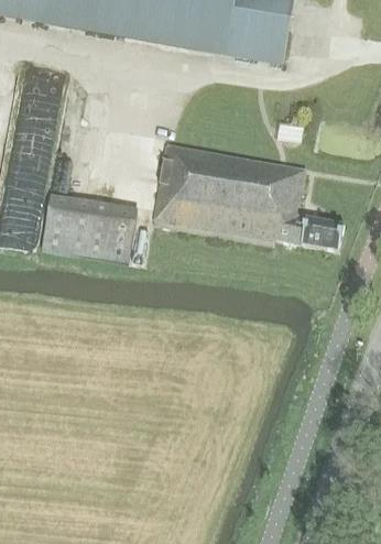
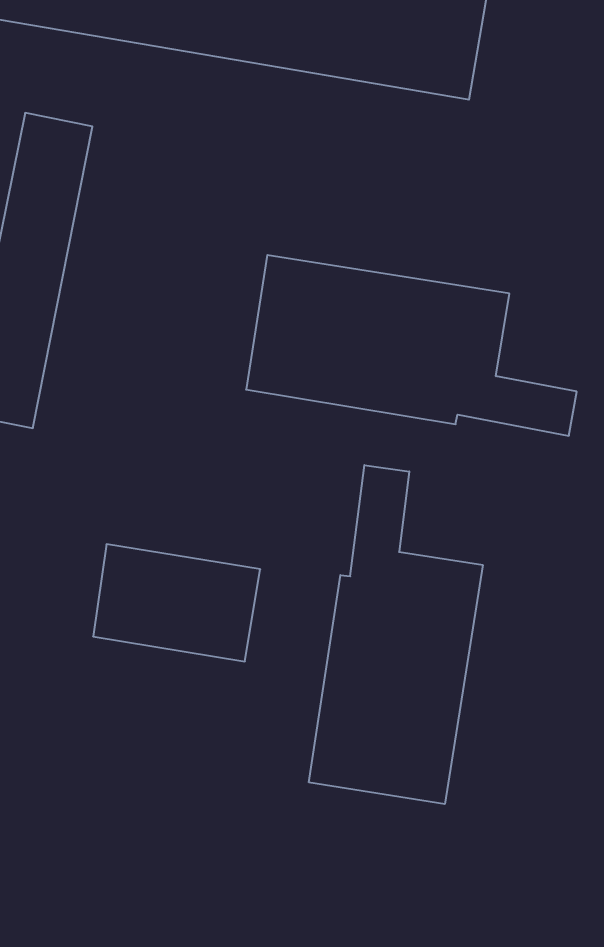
building: [41,197,137,264] -> [93,544,260,661]
building: none -> [309,465,483,804]

